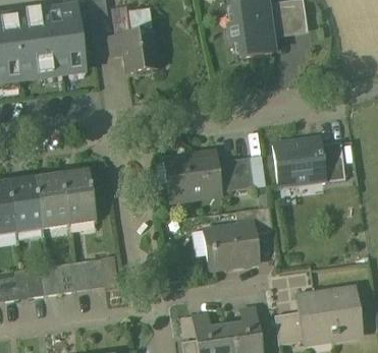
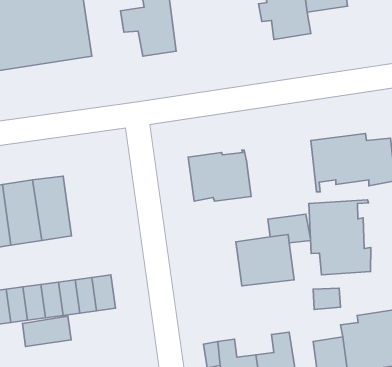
building: [218,157,254,191] -> none
building: [61,170,96,225] -> none
building: none -> [309,200,371,275]
building: none -> [22,316,71,346]

